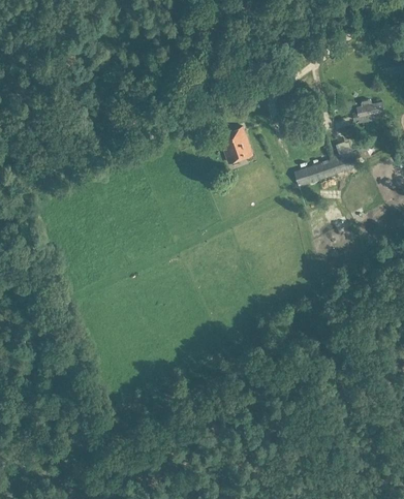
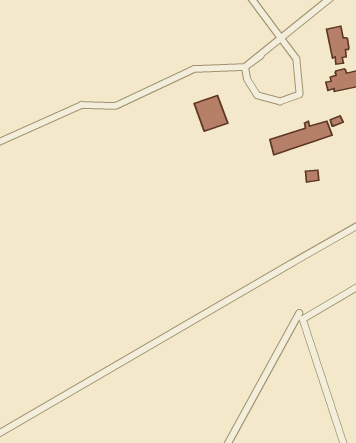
building: none -> [327,26,349,64]

